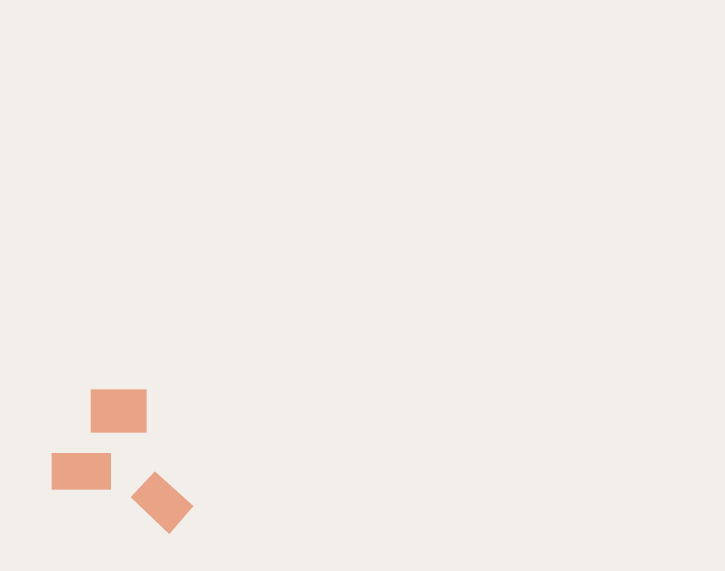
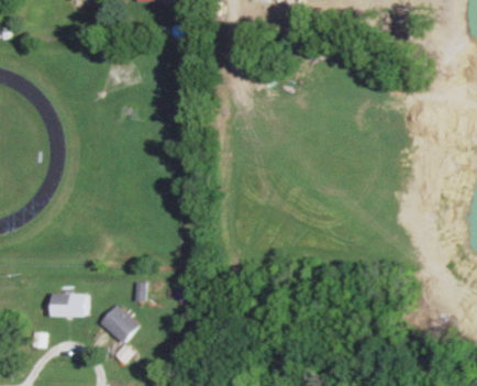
building: [90,388,147,434] -> none

